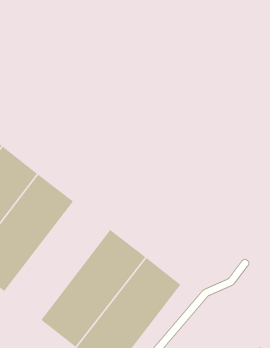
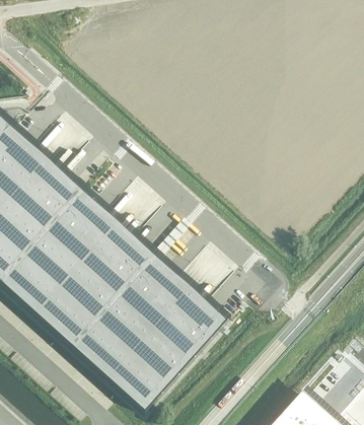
building: none -> [37,222,154,346]

